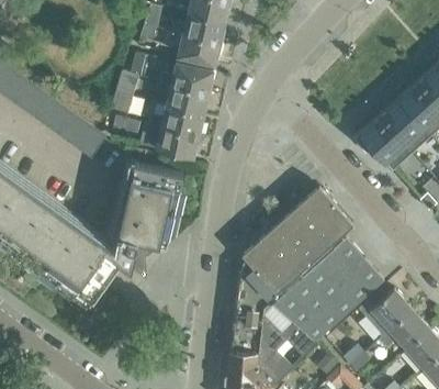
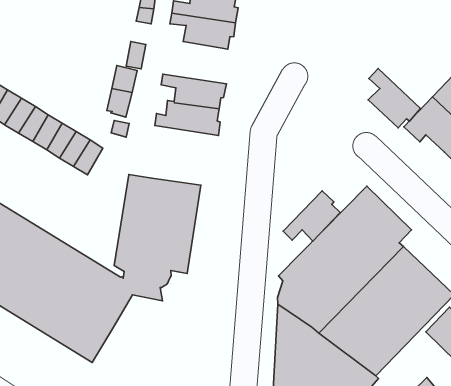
building: [159,62,213,92] -> none
building: none -> [368,69,421,128]
building: [142,122,201,155] -> none
building: none -> [283,191,340,241]

